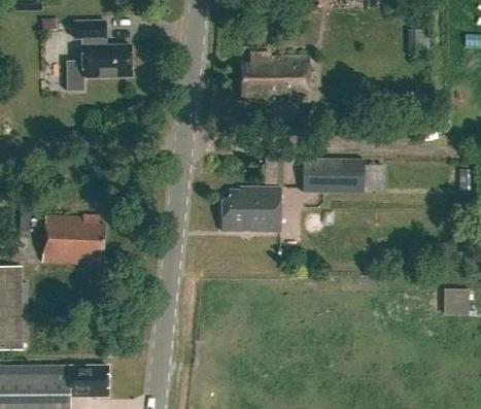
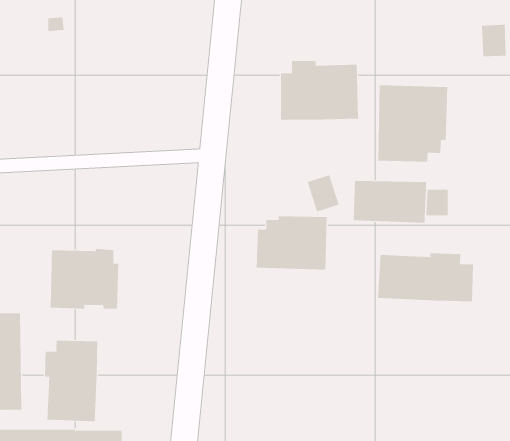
building: [66,19,132,90] -> none
building: none -> [378,84,448,163]
building: none -> [378,253,474,302]
building: none -> [45,340,98,422]

